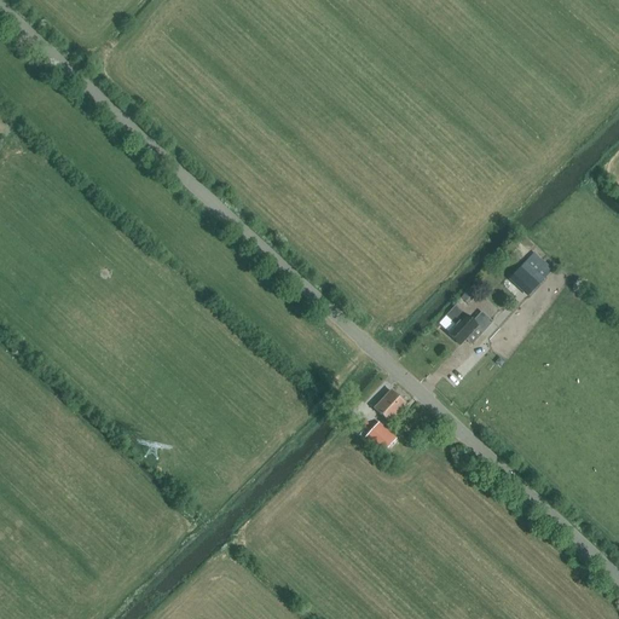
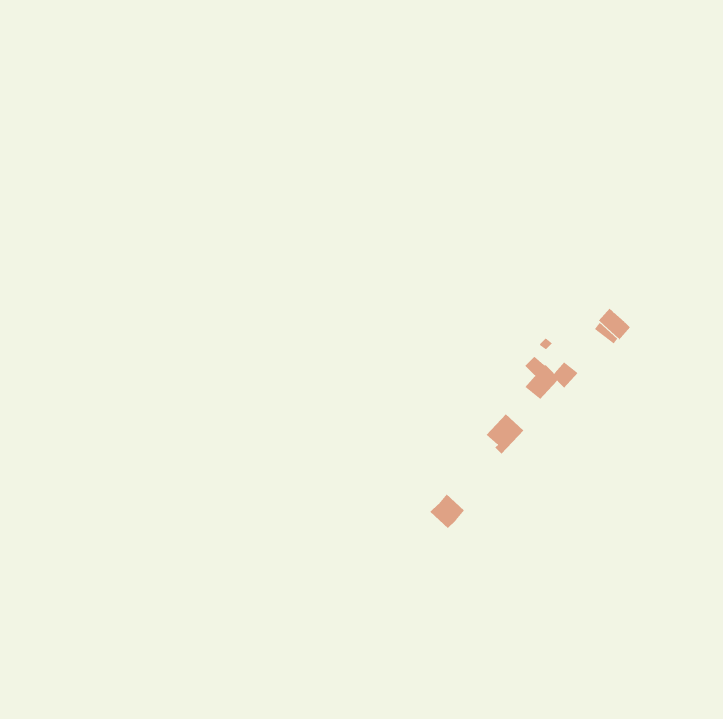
building: [375,387,407,422] -> [486,413,524,455]

